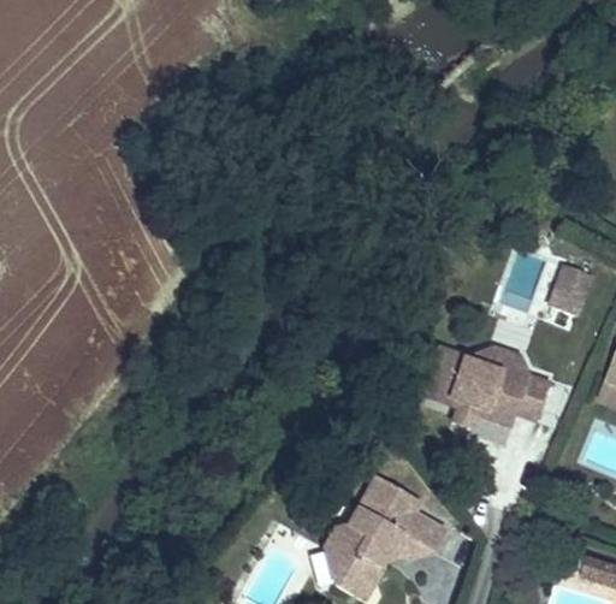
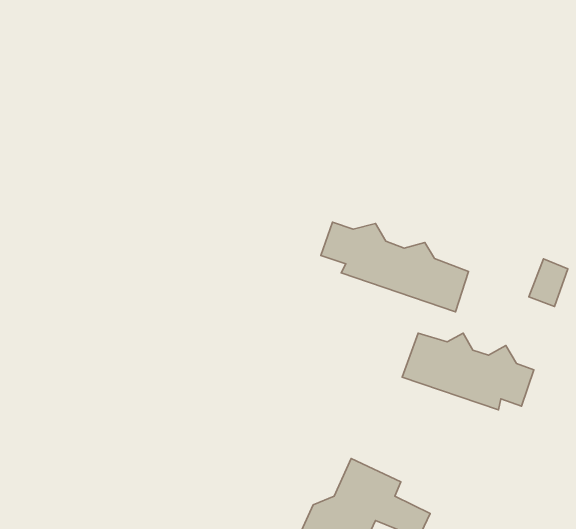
building: none -> [321,222,468,312]

